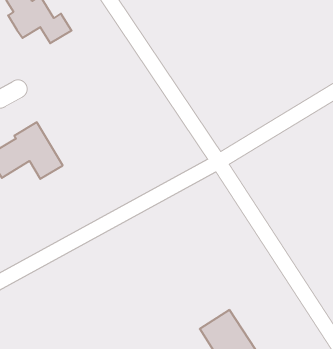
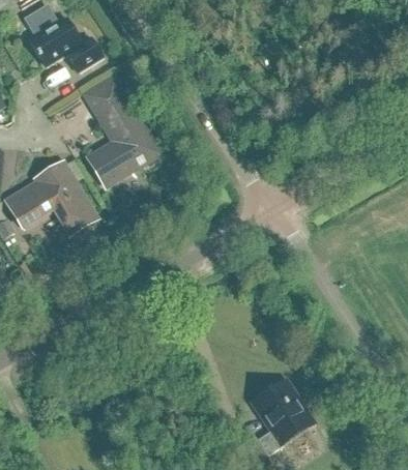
building: none -> [88,79,156,183]

